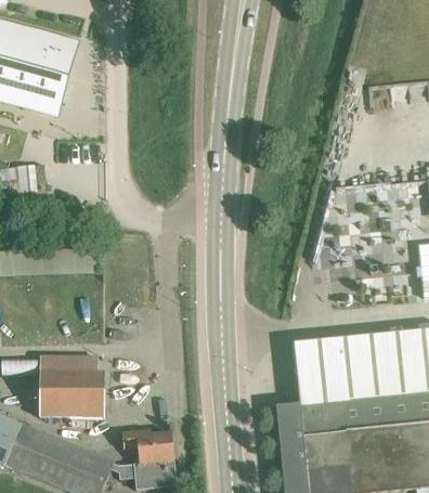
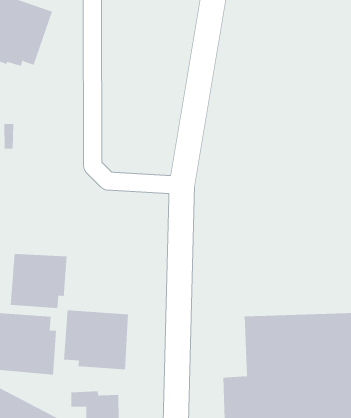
building: none -> [10,253,67,309]
building: none -> [64,310,128,370]

